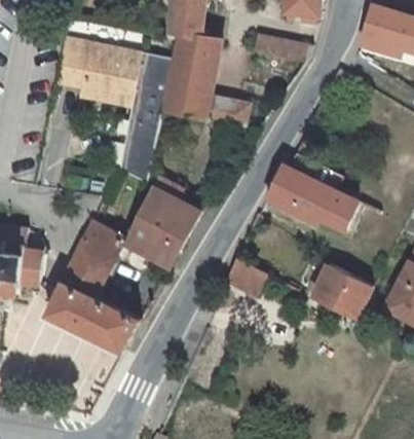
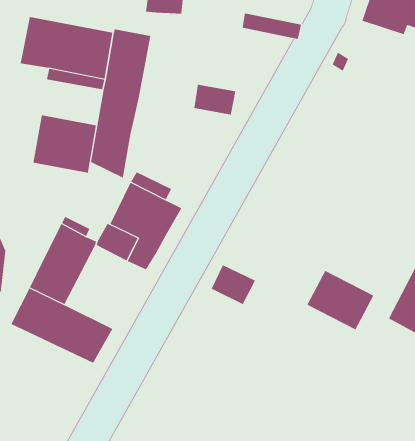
building: [161,36,222,120] -> none
building: none -> [33,114,97,173]
building: [266,164,364,232] -> none

